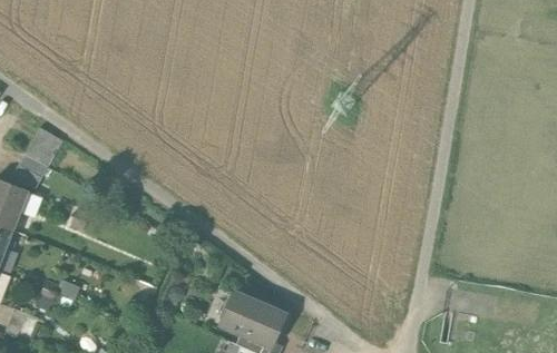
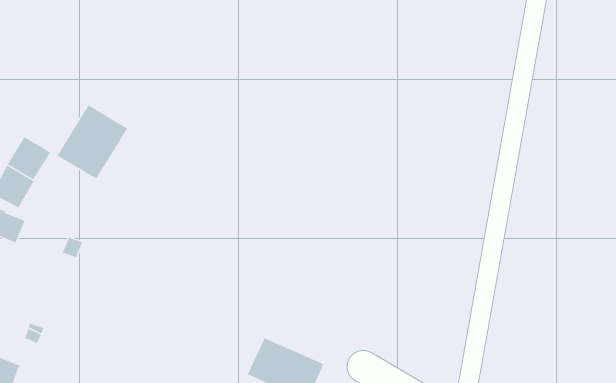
building: none -> [57,105,128,180]

